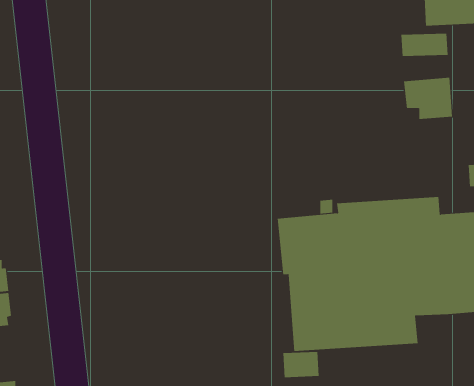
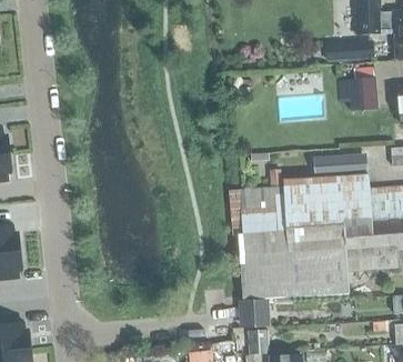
building: none -> [313,153,367,175]

